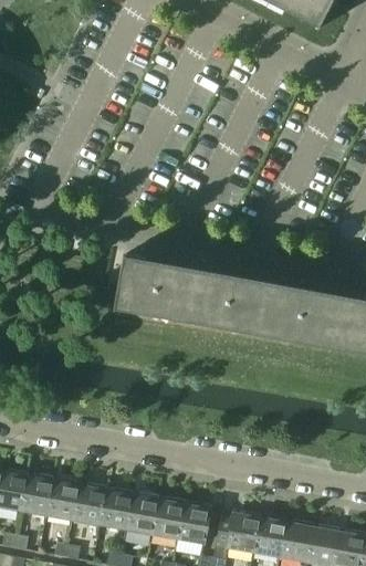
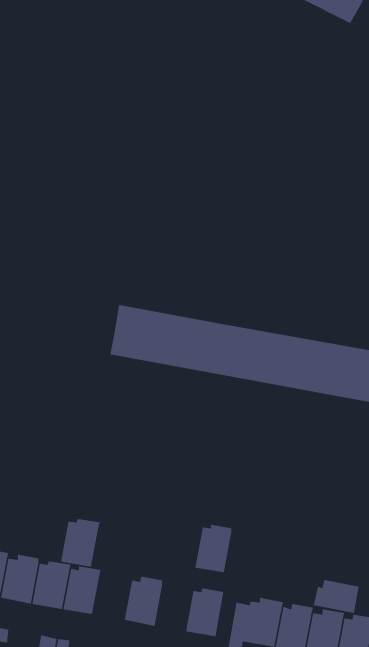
building: [102,488,136,530] -> [60,518,101,568]
building: none -> [313,579,359,614]
building: [155,497,187,539] -> [194,524,232,573]

